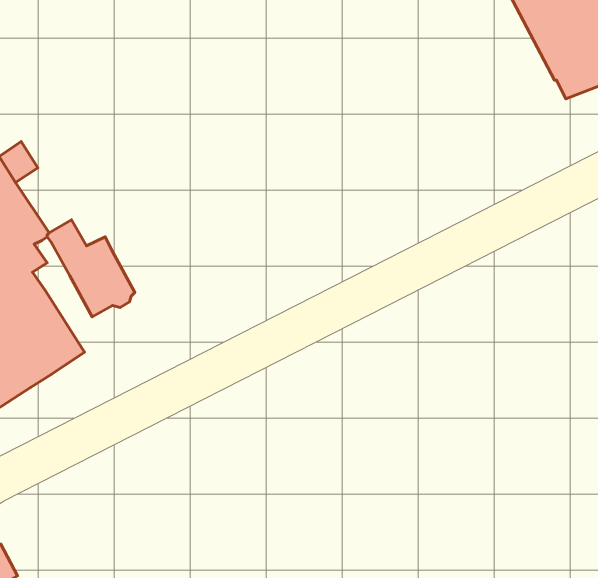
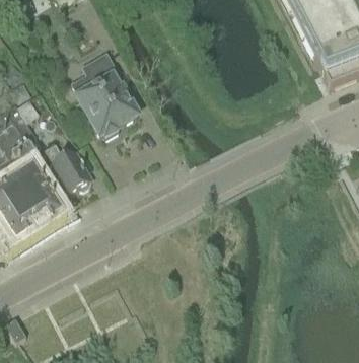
building: none -> [72,51,136,132]

